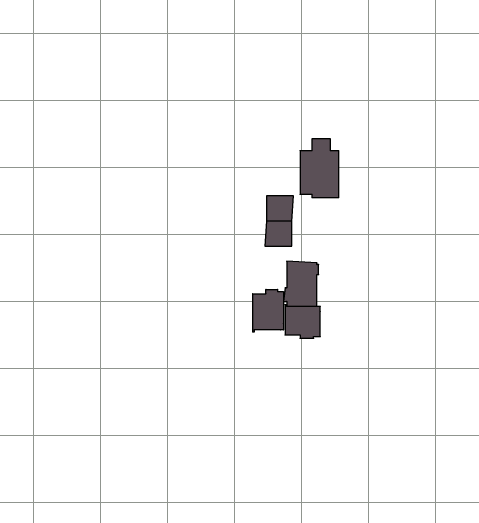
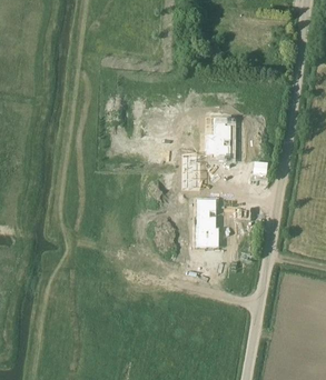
building: [253,289,283,332] -> none

